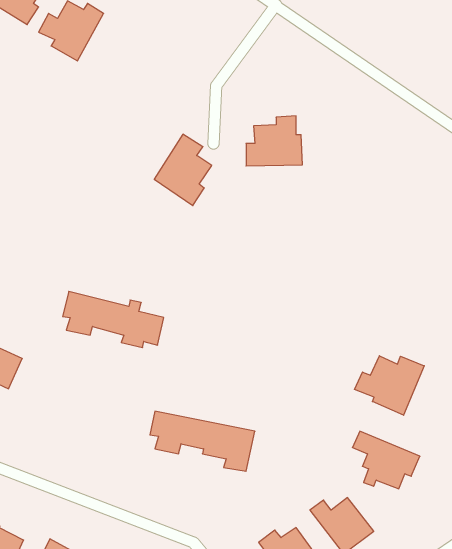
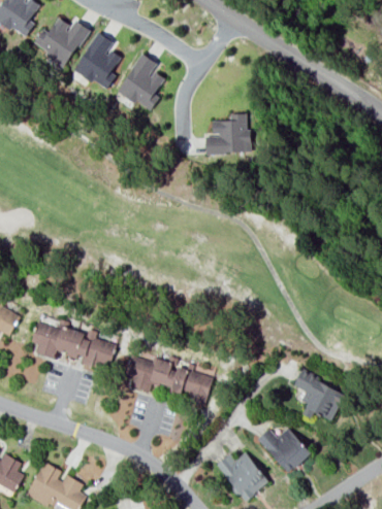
building: none -> [73,32,121,90]
building: [154,134,212,206] -> [118,53,165,111]
building: [63,291,164,348] -> [32,321,116,368]
building: [354,356,424,415] -> none

